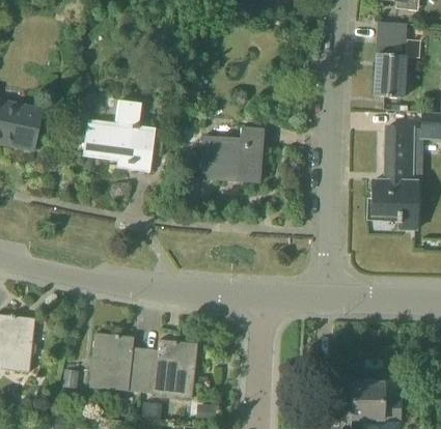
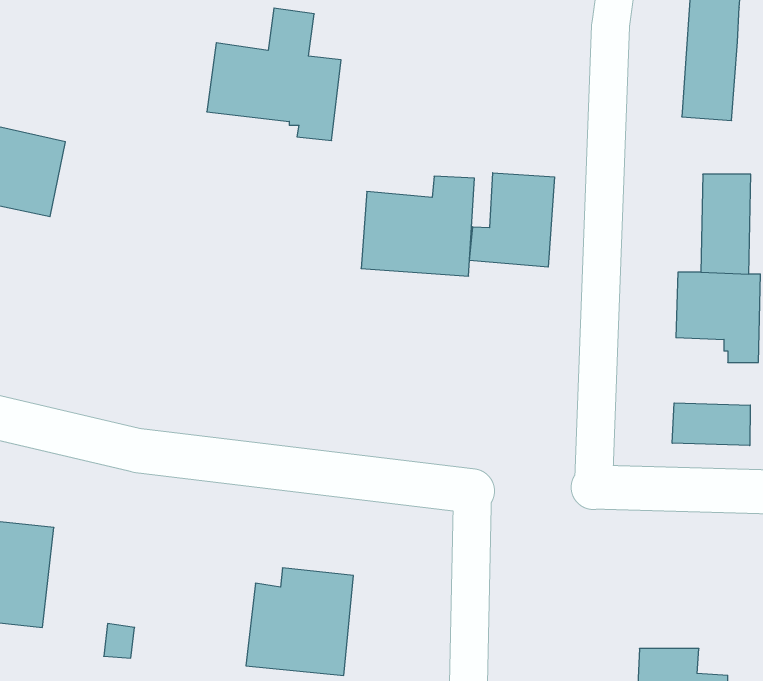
building: [83,99,156,171] -> [207,8,341,141]
building: none -> [469,173,554,267]
building: none -> [672,403,750,446]
building: [89,332,144,392] -> none

